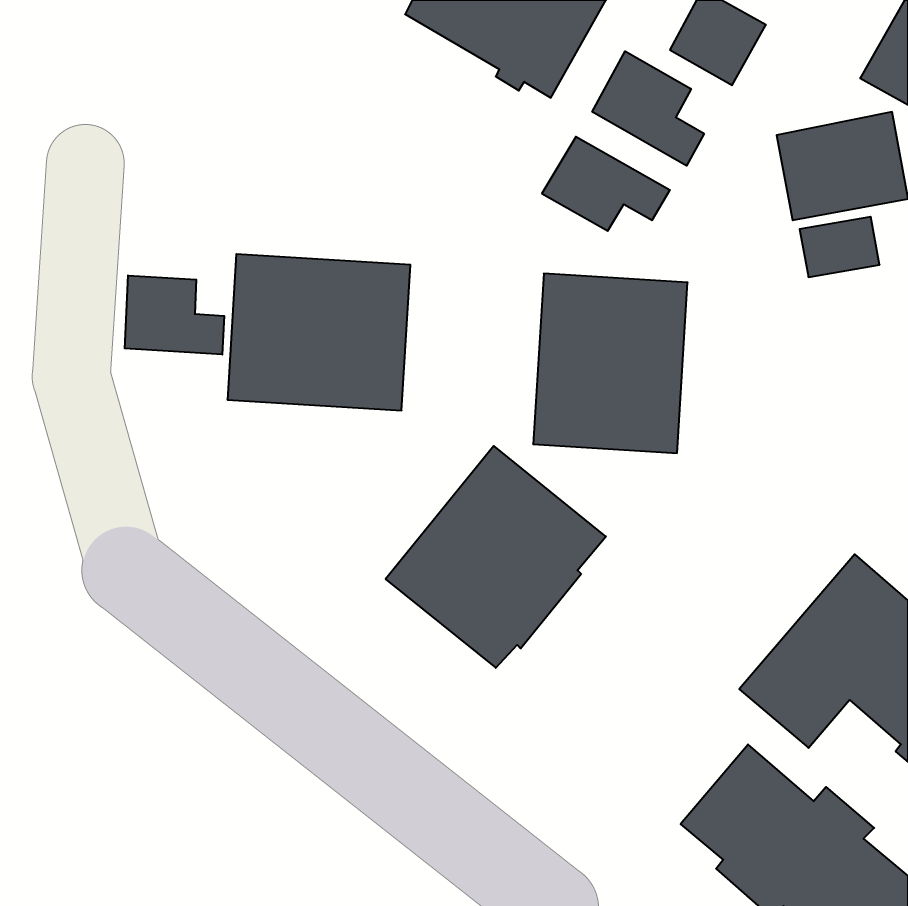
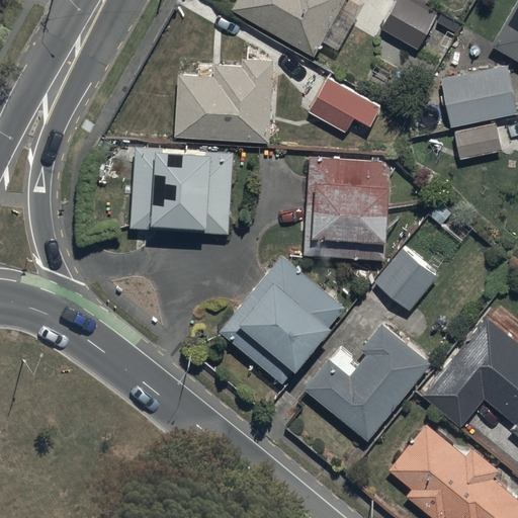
building: [592,51,704,166] -> none
building: none -> [174,58,273,143]
building: [125,275,224,355] -> none
building: none -> [373,248,438,312]
building: none -> [303,325,430,441]

